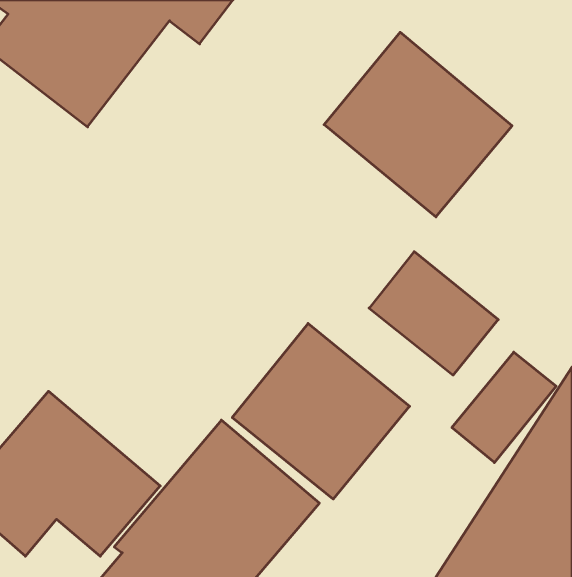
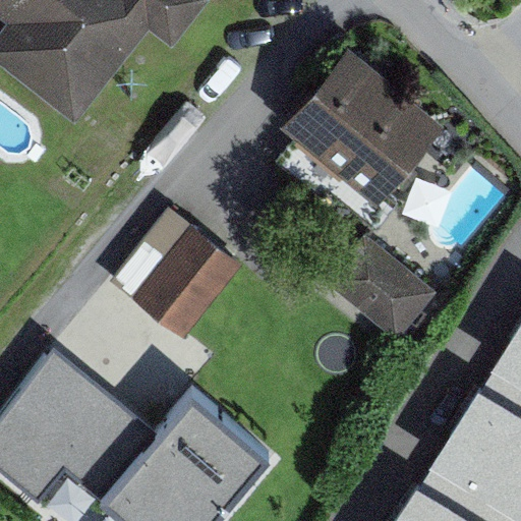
building: none -> [111,207,244,341]
building: [232,323,410,499] -> none
building: [452,352,556,463] -> none

